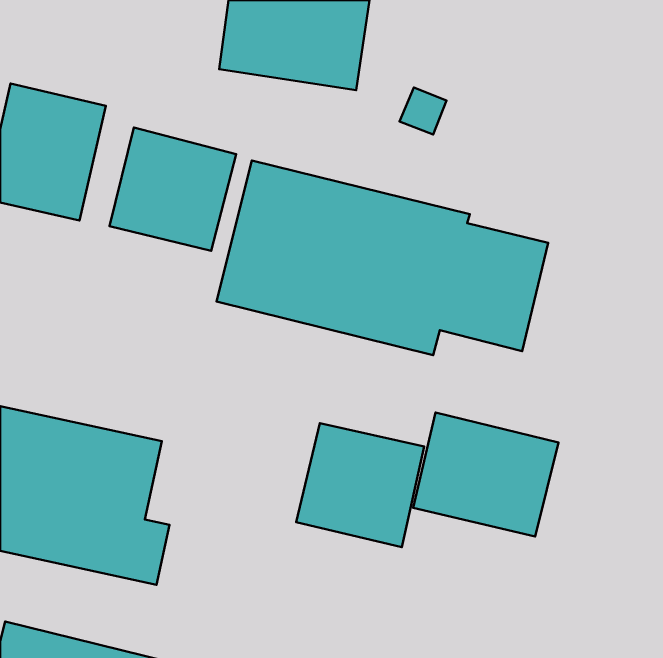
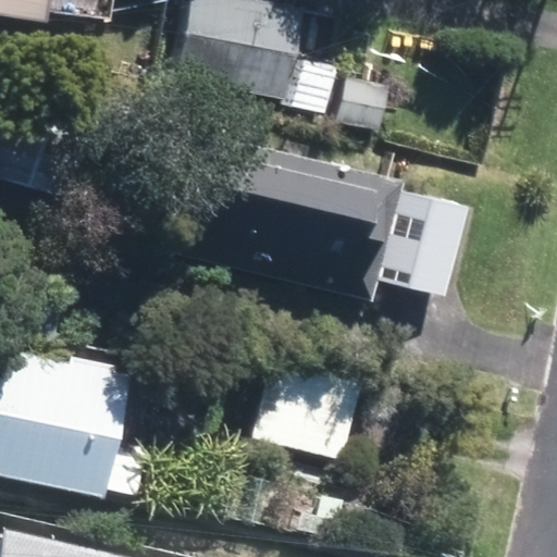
building: [109,128,236,251] -> none
building: [413,412,558,536] -> none

